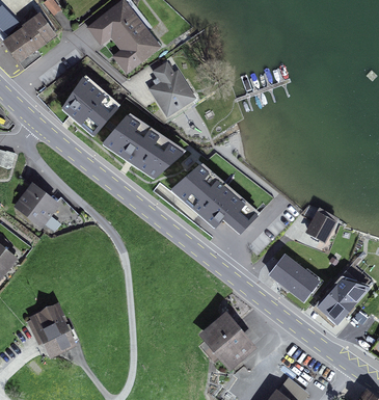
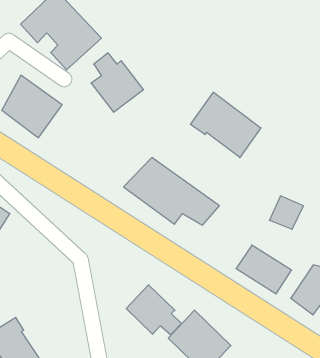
building: none -> [190,92,261,158]
building: [101,113,183,178] -> none
building: none -> [126,285,182,335]

